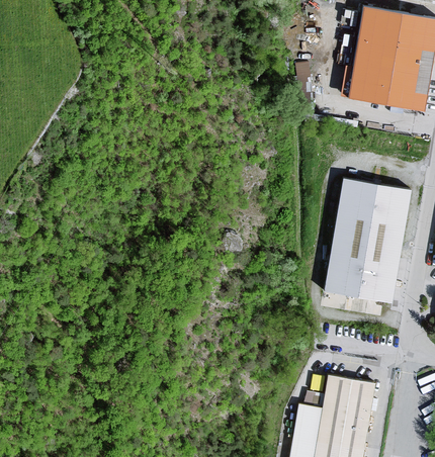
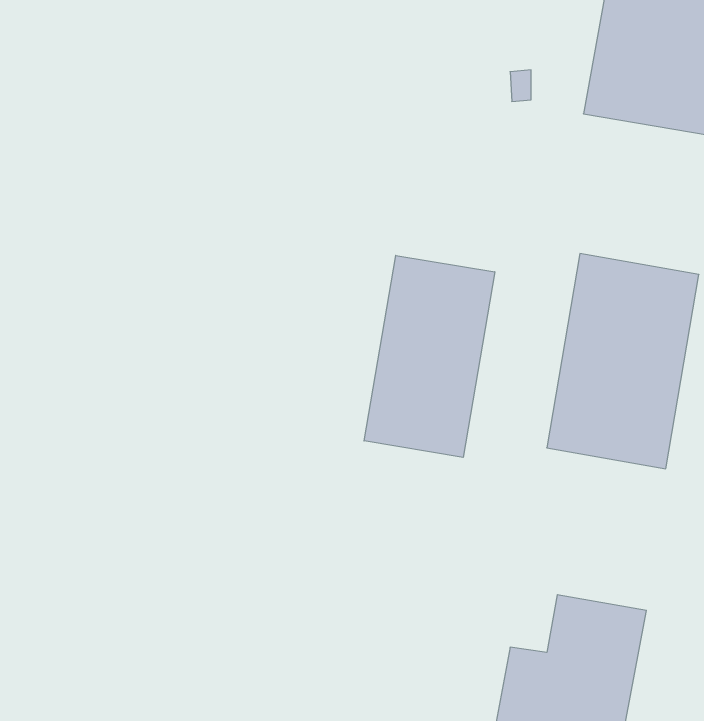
building: none -> [364,255,495,457]

